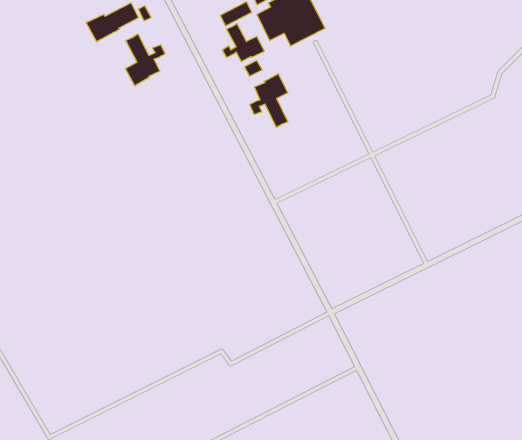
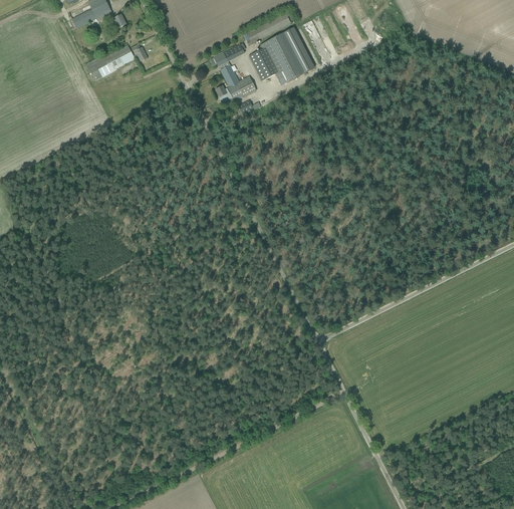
building: [125,34,165,86] -> none
building: [250,74,288,128] -> none

